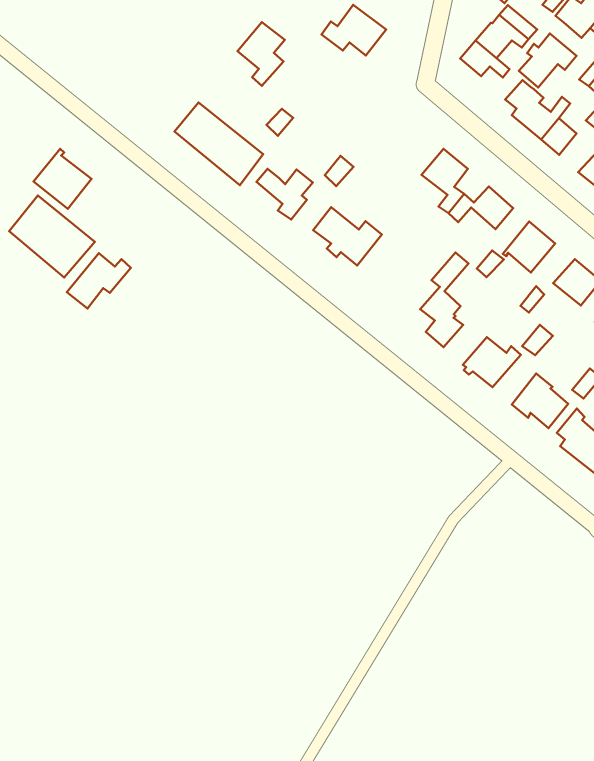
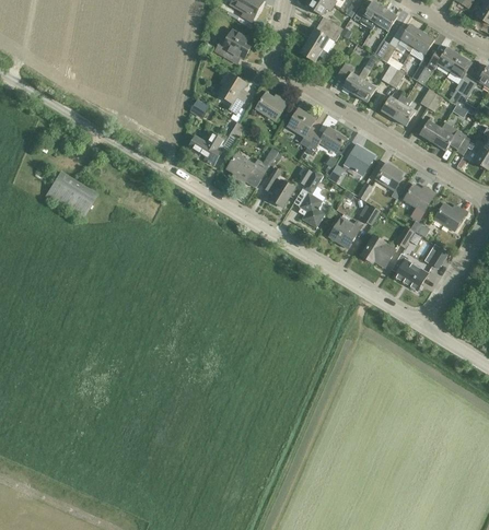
building: [238,22,285,86] -> [218,74,246,113]
building: [519,33,576,88] -> none
building: [174,102,263,185] -> none
building: none -> [256,93,287,119]
building: [34,149,92,209] -> none
building: none -> [261,166,294,207]
building: [67,253,131,308] -> none

